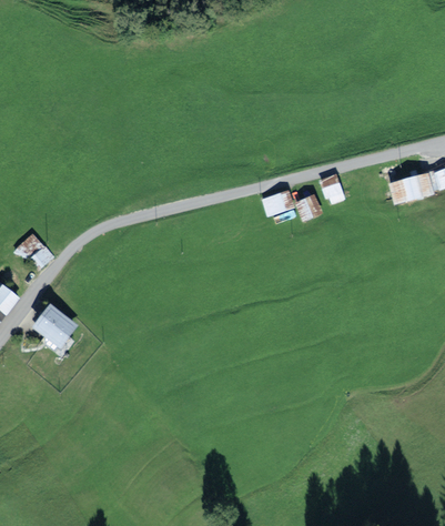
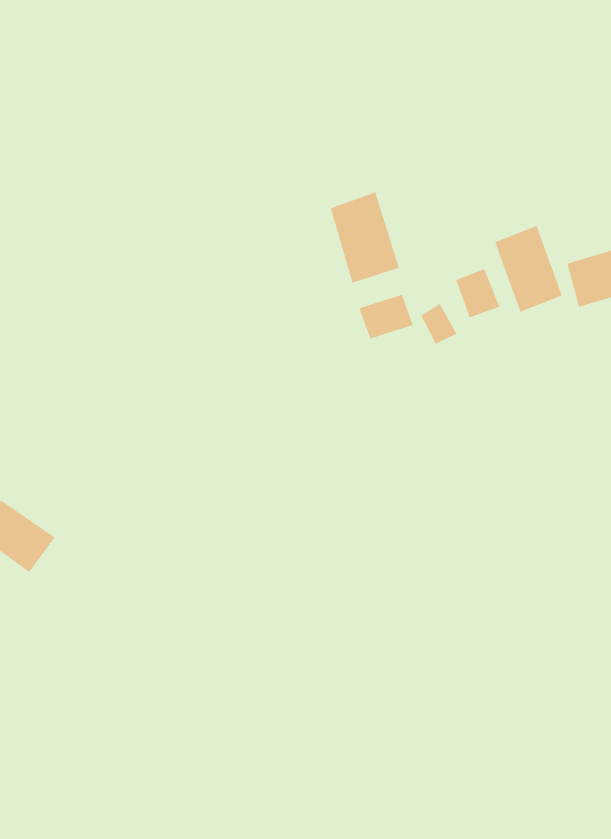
building: none -> [330,192,400,283]
building: none -> [495,225,562,313]

